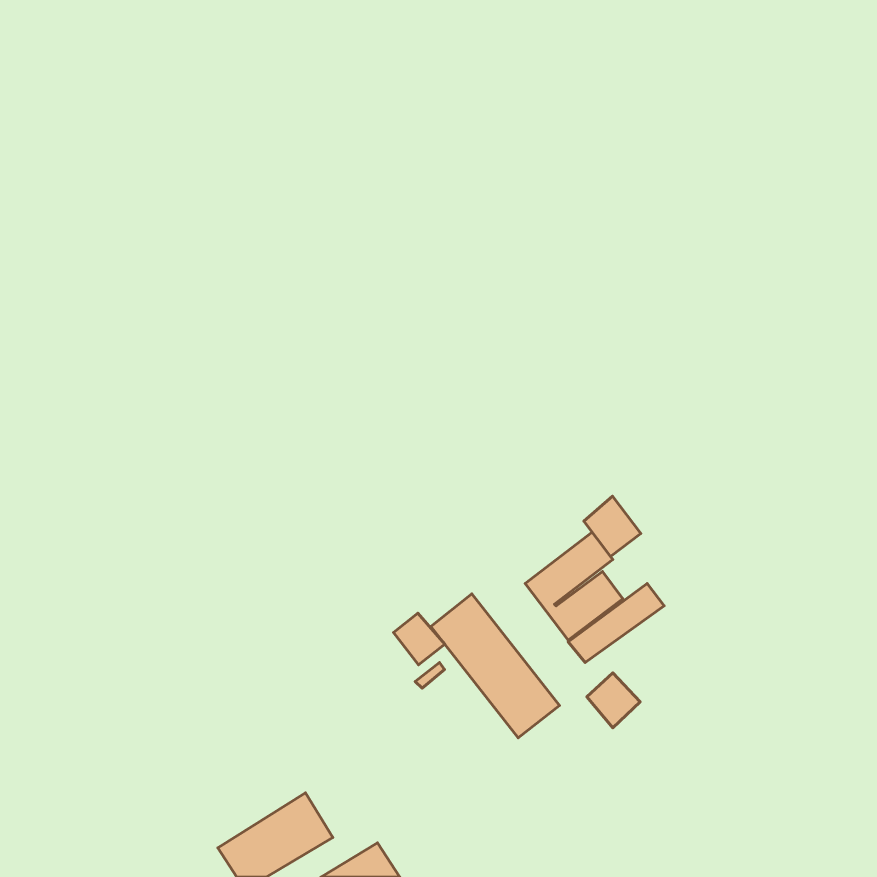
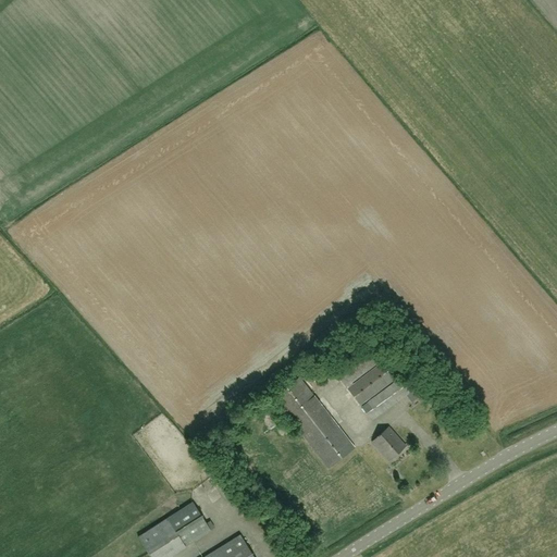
building: [584,496,641,556] -> none
building: [393,613,445,665] -> none

